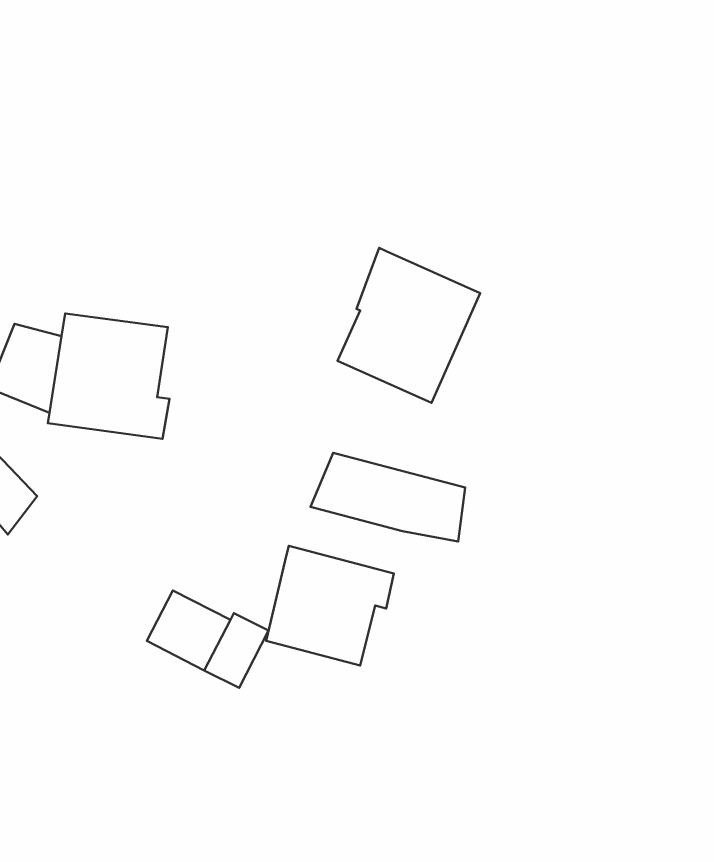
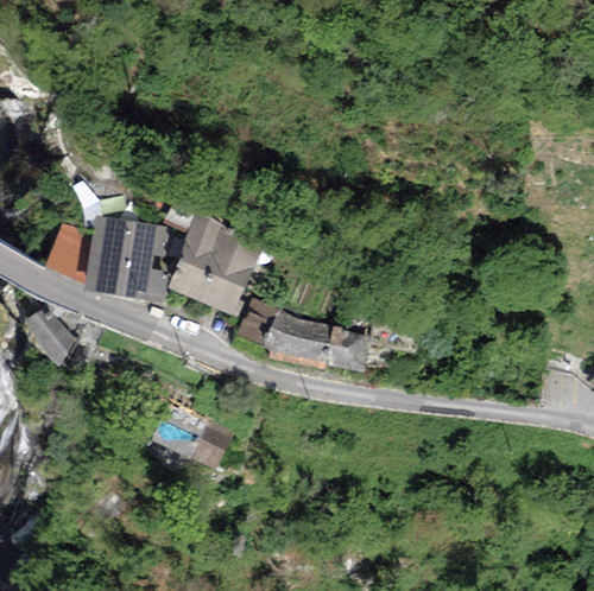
building: [337,248,480,403] -> [168,210,265,316]
building: none -> [235,299,279,348]
building: [266,546,394,666] -> none

